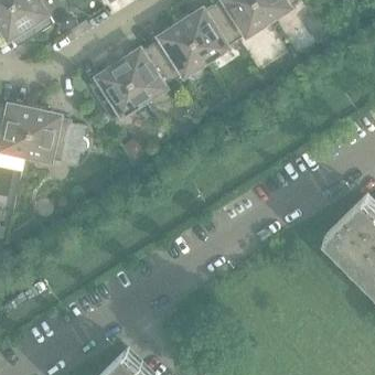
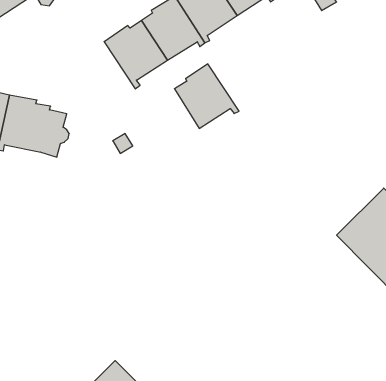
building: [83,66,140,124] -> [174,64,239,128]

